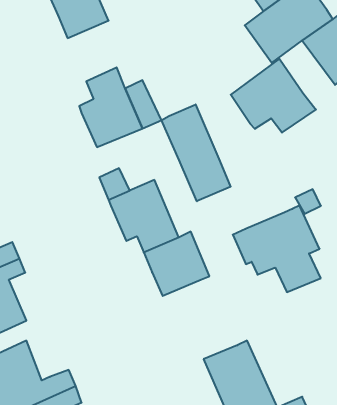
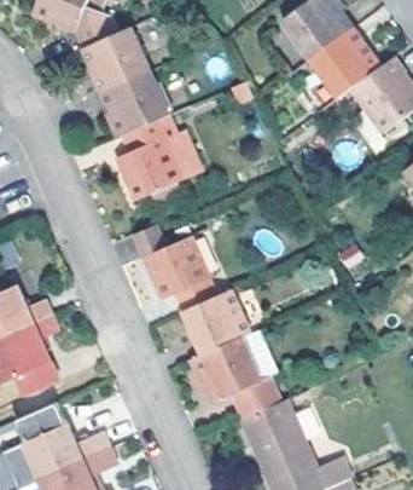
building: none -> [103,70,165,137]
building: [231,59,316,133] -> none
building: [161,104,231,201] -> none
building: [233,205,321,292] -> [187,330,278,420]

